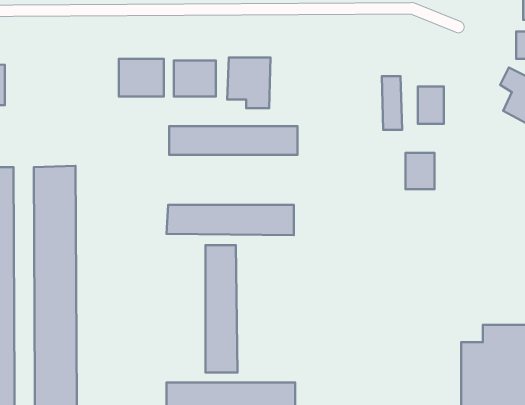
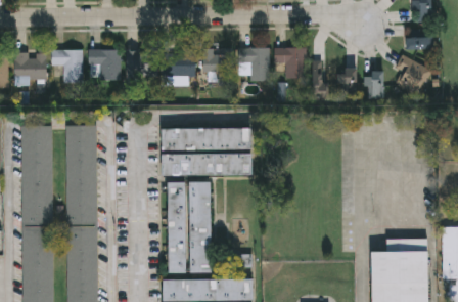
building: none -> [276,47,307,78]
building: none -> [239,48,270,81]
building: none -> [52,49,82,82]
building: none -> [89,49,121,80]
building: [169,126,298,155] -> [161,128,251,148]
building: [406,153,434,189] -> [365,72,385,97]
building: none -> [167,181,185,272]

